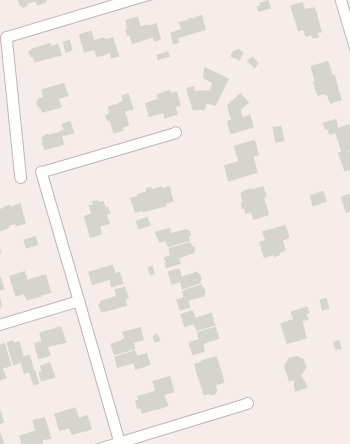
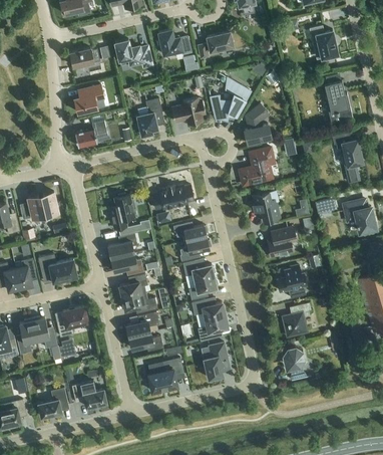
building: none -> [108,233,137,259]
building: none -> [277,265,307,298]
building: none -> [120,292,157,312]

